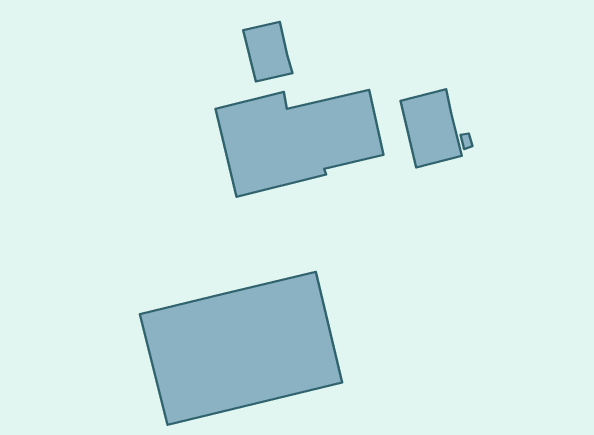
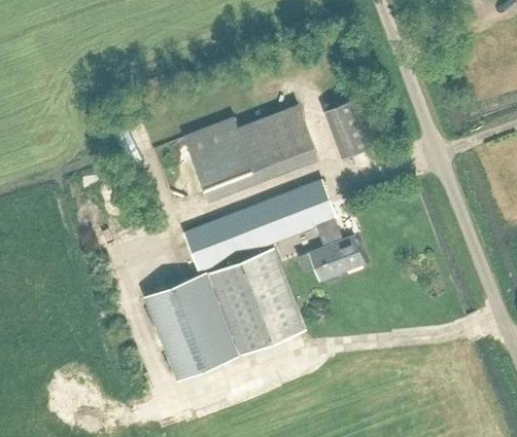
building: [243,22,292,81] -> none
building: none -> [182,179,363,280]

